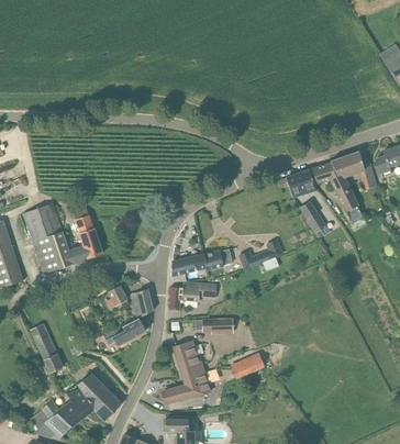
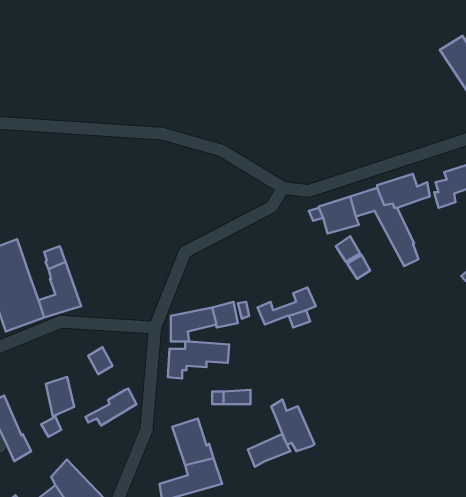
building: [131,288,153,319] -> [46,377,74,417]
building: none -> [271,400,315,451]

